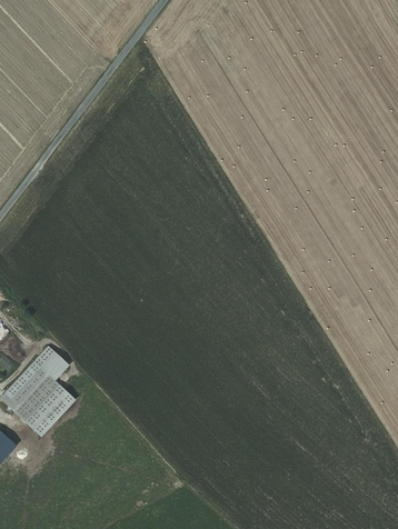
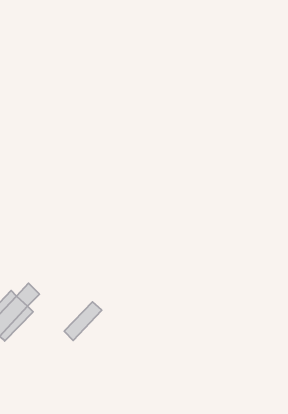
building: [27,388,72,435] -> [64,302,102,340]

